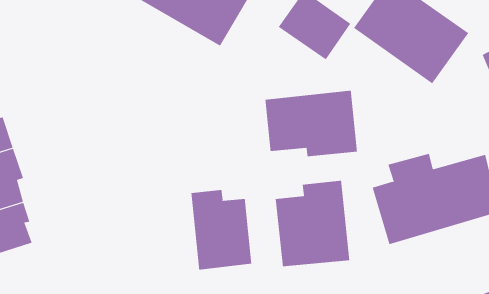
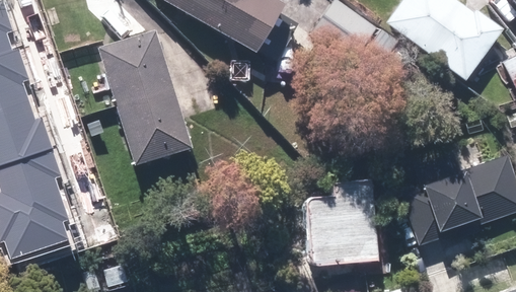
building: none -> [98,28,195,167]
building: [265,90,358,157] -> none
building: [191,189,252,270] -> none

